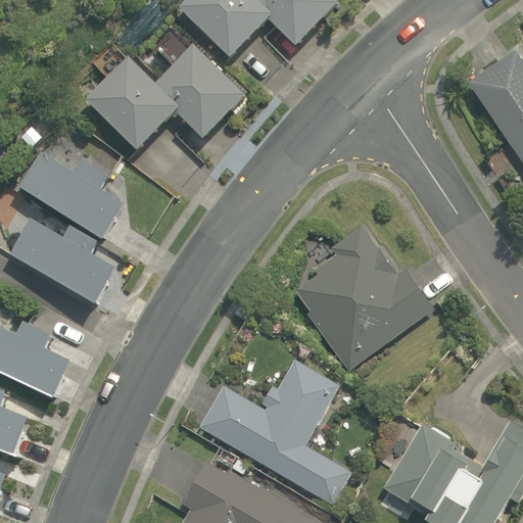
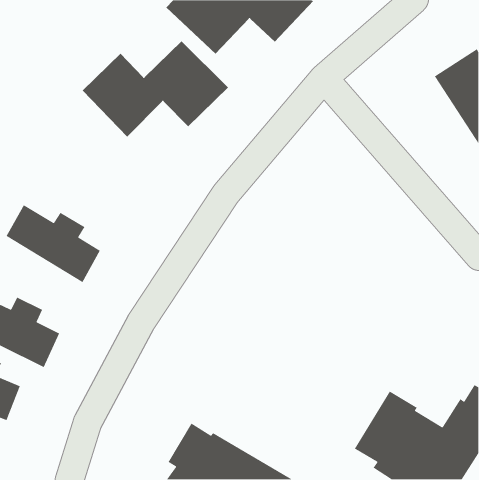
building: [14,154,118,243] -> none
building: [298,226,434,371] -> none
building: [200,360,350,505] -> none

